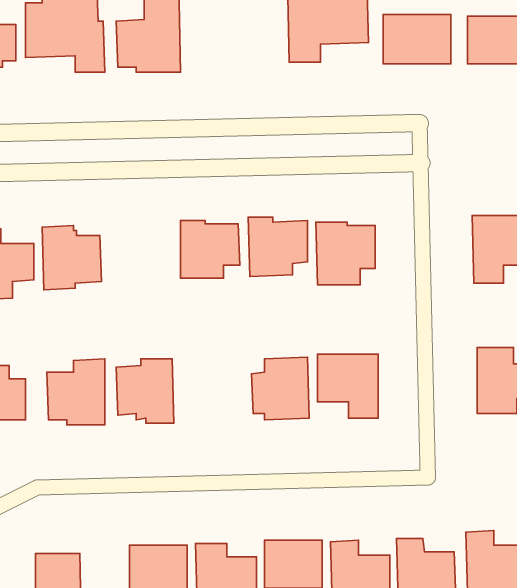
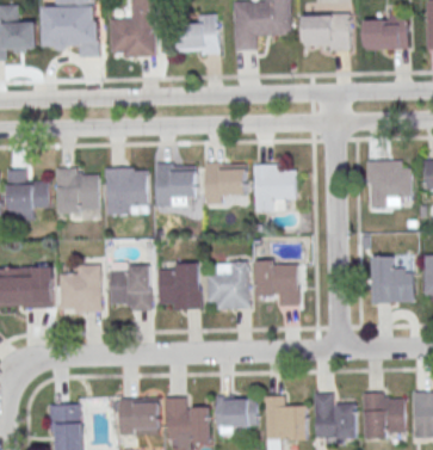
building: none -> [178,14,219,55]
building: none -> [105,168,148,215]
building: none -> [159,259,200,307]

